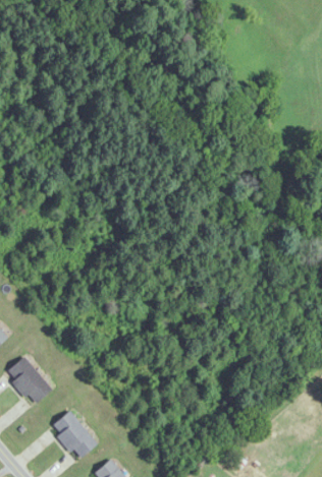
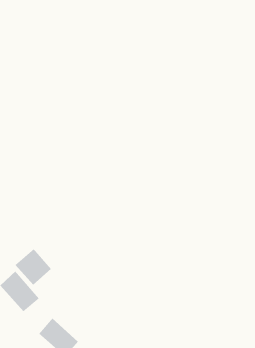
building: none -> [14,248,52,285]

